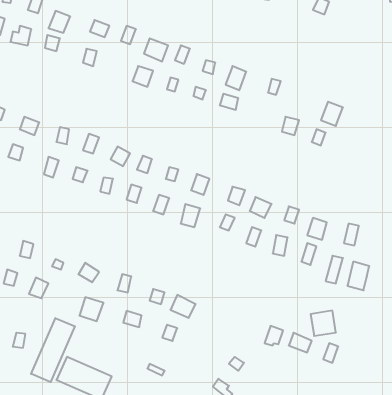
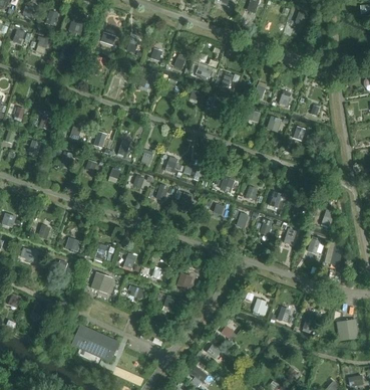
building: [311,311,336,336] -> [336,320,358,342]
building: [31,318,75,382] -> none

